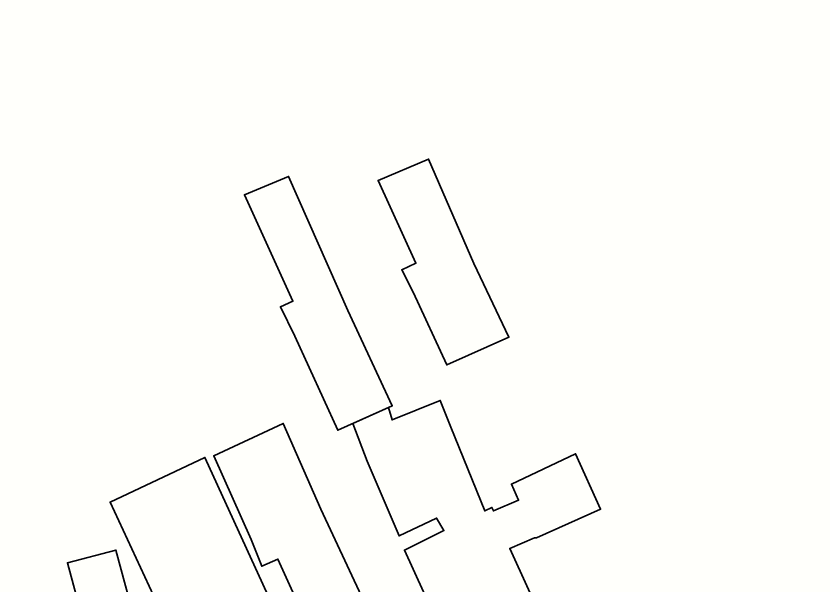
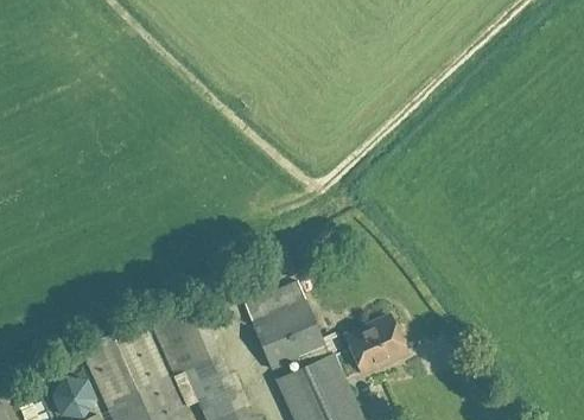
building: [378,159,509,365] -> none
building: [244,177,392,430] -> none

